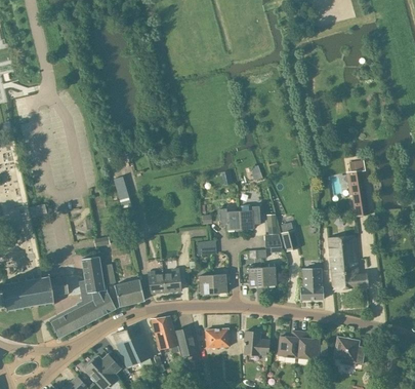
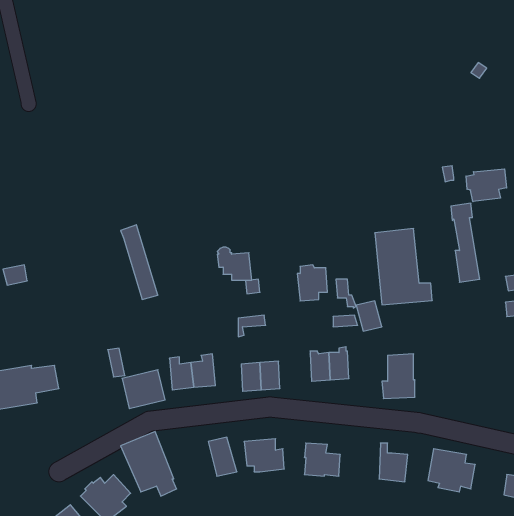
building: none -> [466,169,507,202]
building: [216,206,241,230] -> [217,247,252,280]
building: [327,235,368,289] -> [375,229,432,305]
building: [49,257,115,337] -> none
building: [151,316,179,353] -> none
building: [278,330,298,357] -> none

